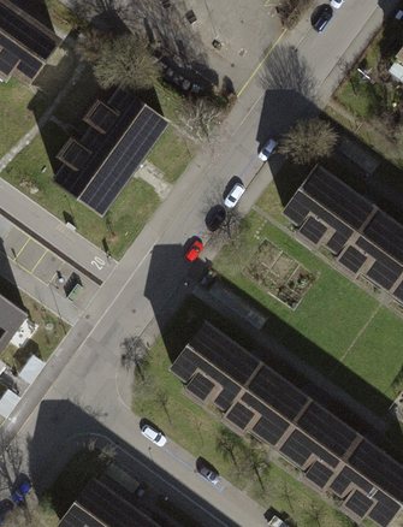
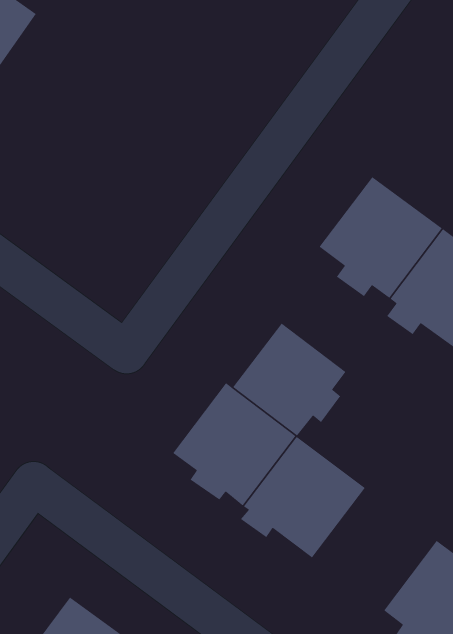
building: [52,84,173,217] -> none
building: none -> [232,323,347,436]
building: [275,398,371,497] -> none

